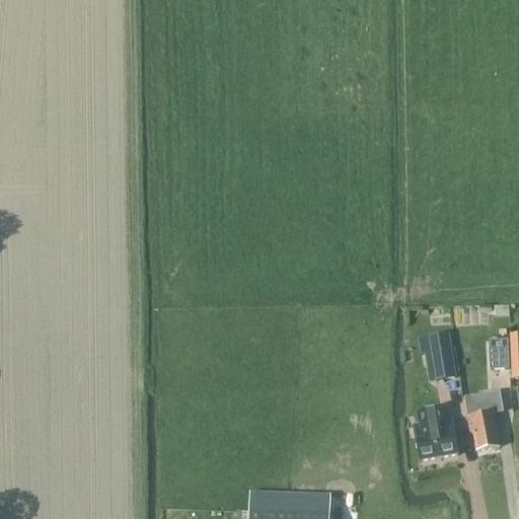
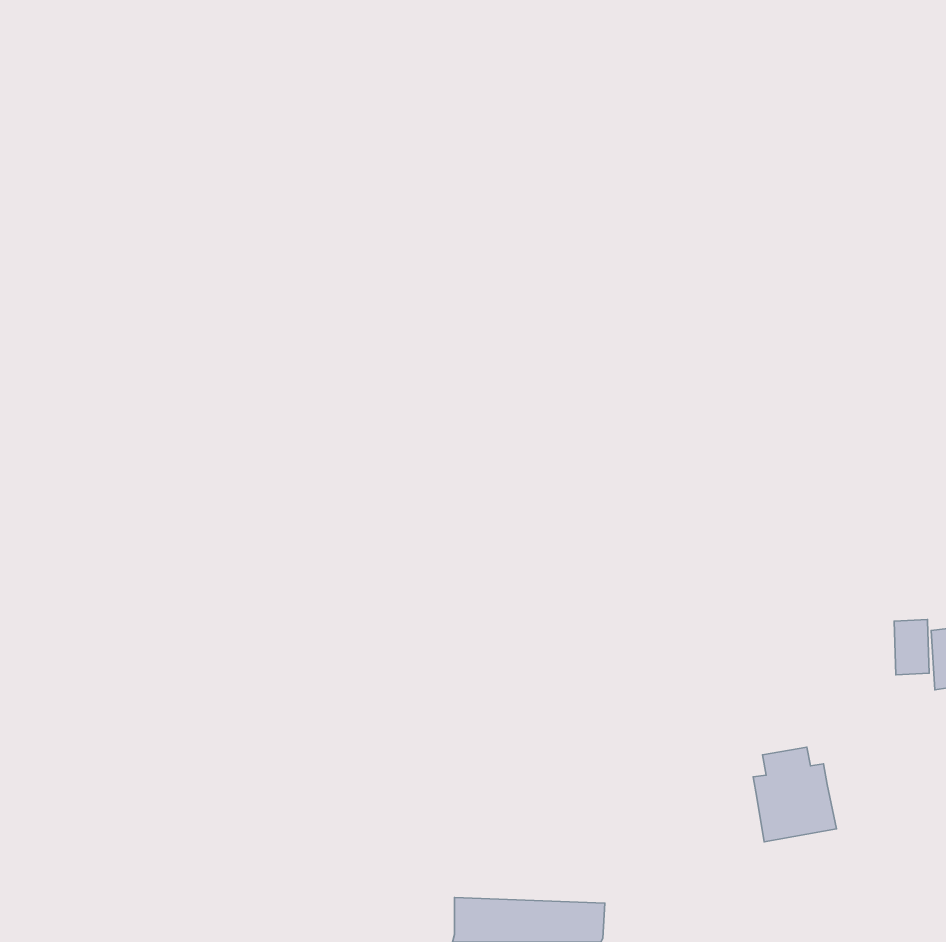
building: [418,332,456,379] -> none
building: [464,389,503,450] -> none

